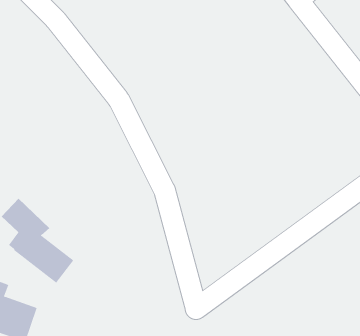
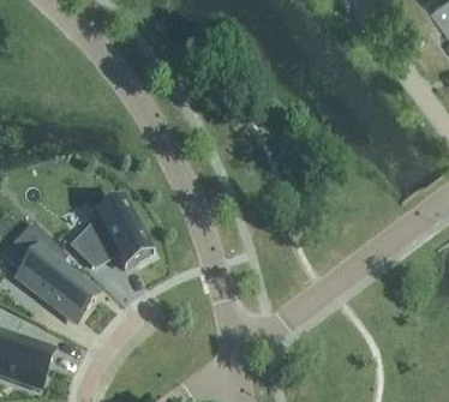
building: none -> [76,209,150,276]

